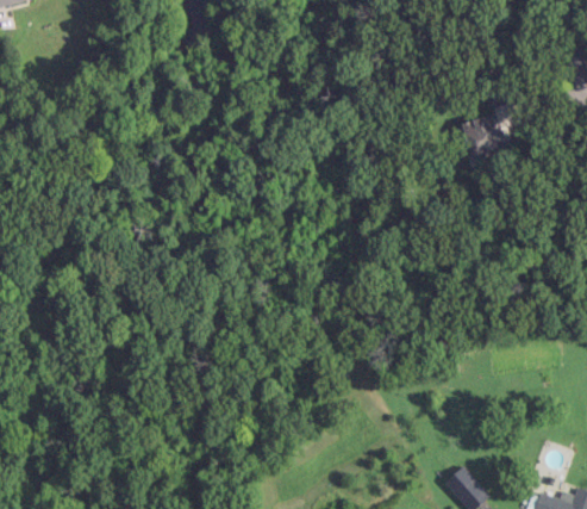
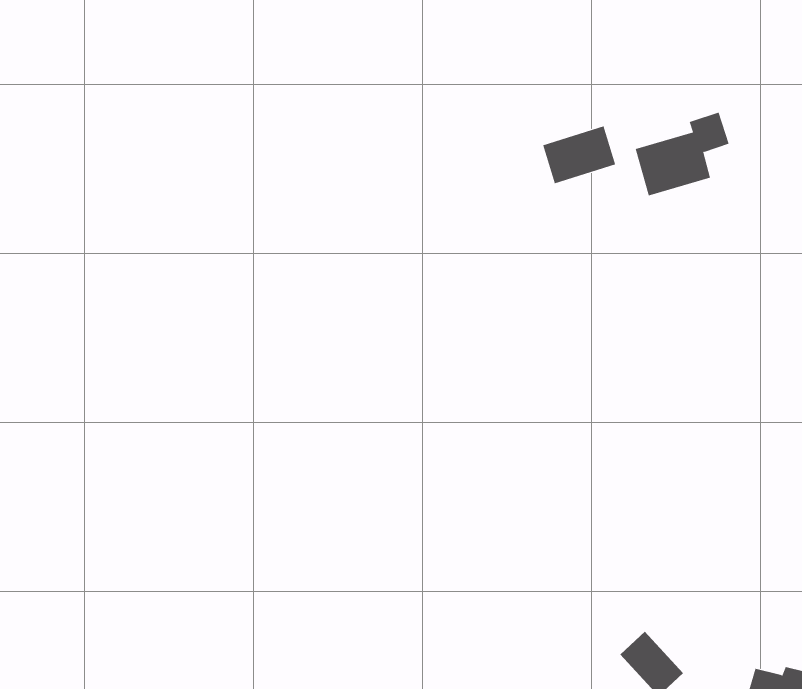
building: none -> [543,125,616,184]

